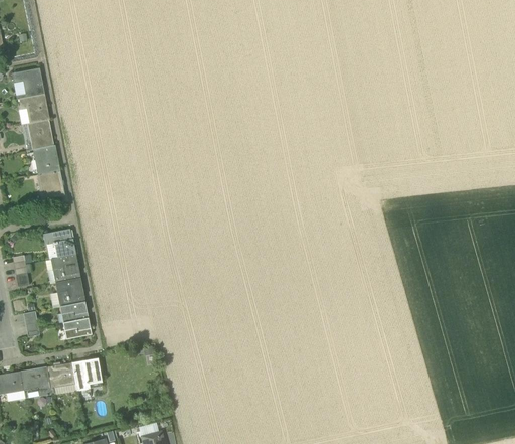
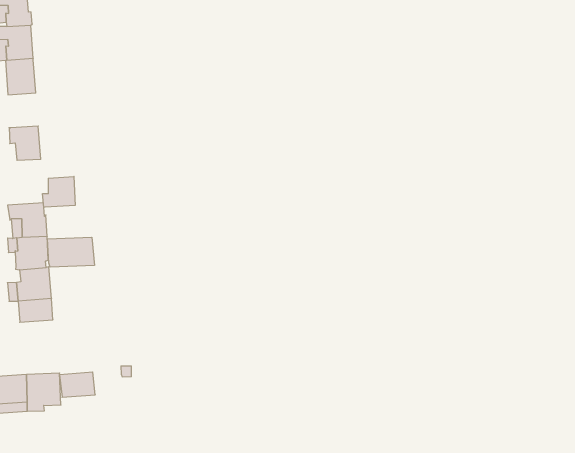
building: [32,145,58,174] -> none
building: none -> [43,176,75,207]
building: none -> [47,237,94,267]
building: [62,317,92,339] -> [60,372,95,397]

